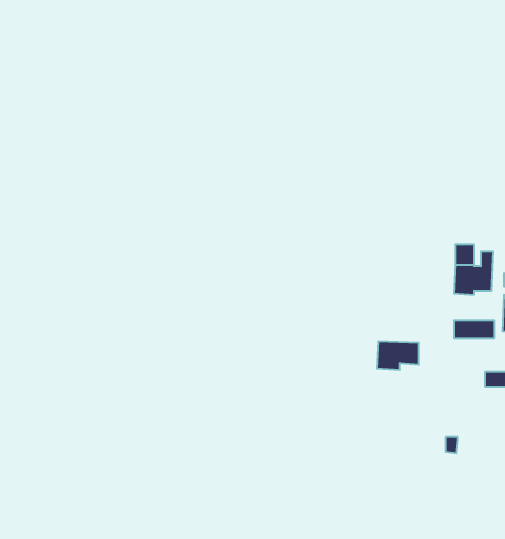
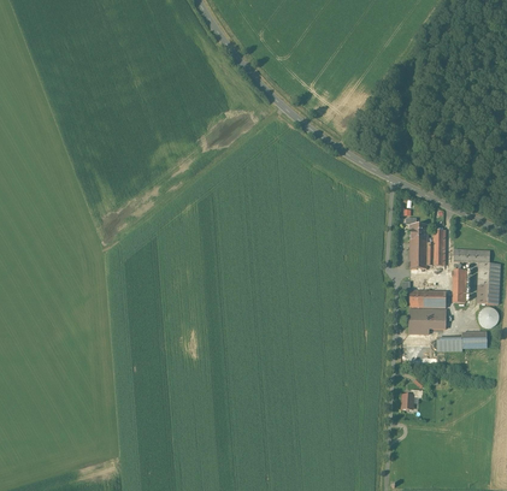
building: [377,341,419,370] -> [408,308,446,333]

